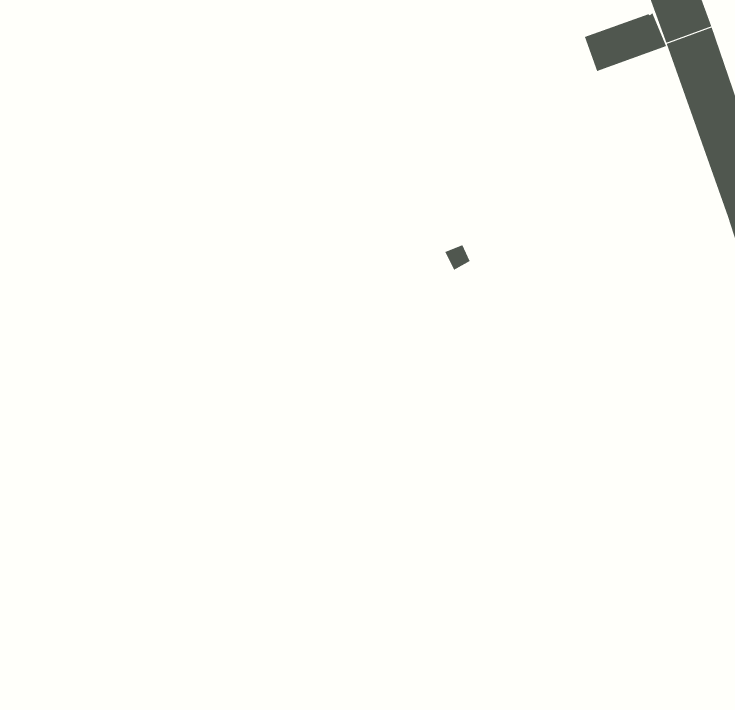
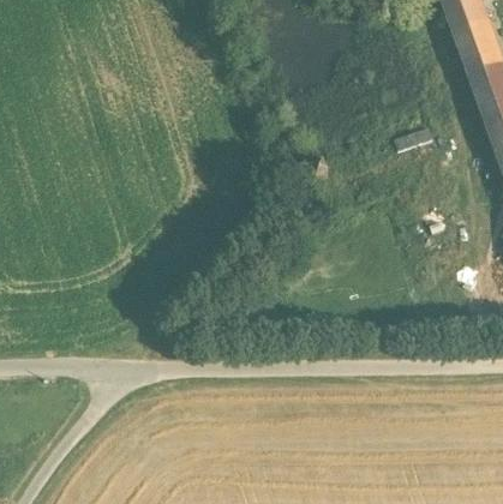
building: [584,12,667,72] -> none

